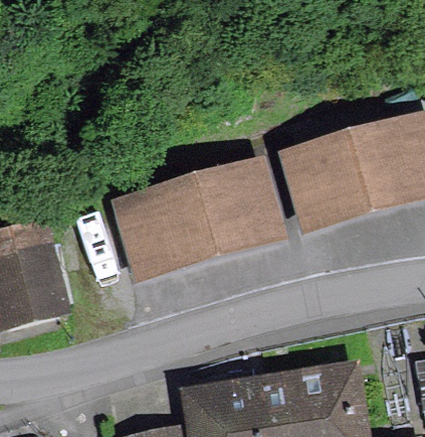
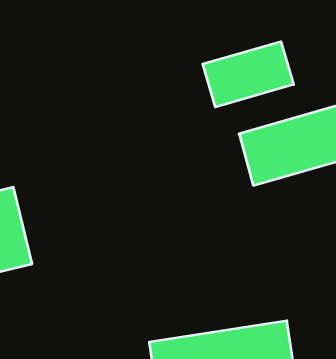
building: none -> [203,42,294,107]
building: [136,175,268,266] -> none

